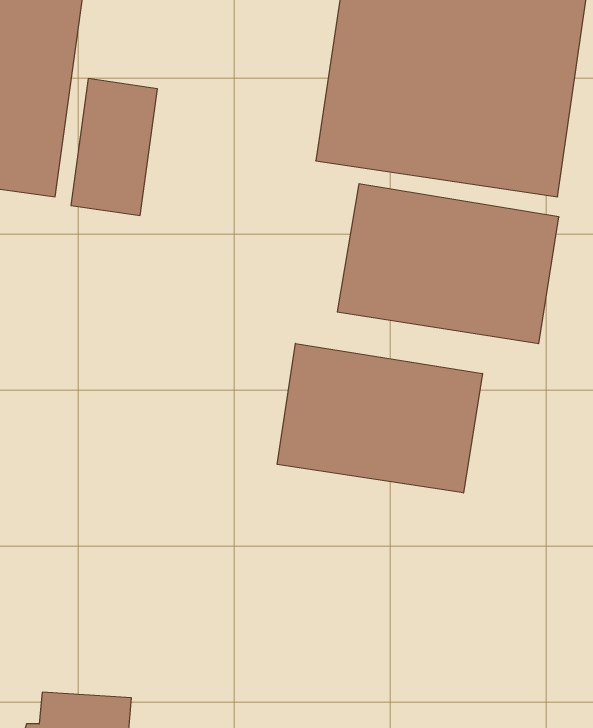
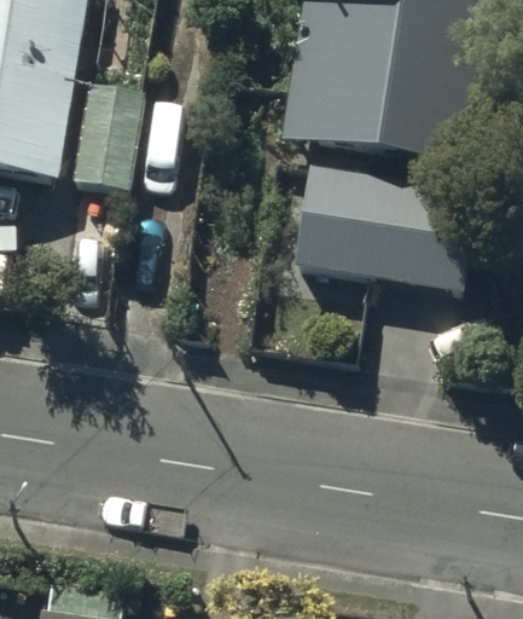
building: [277,343,482,493] -> none

